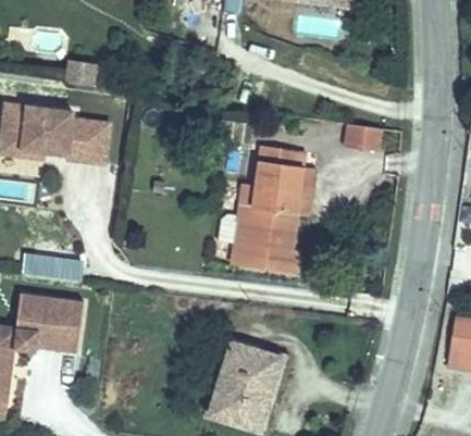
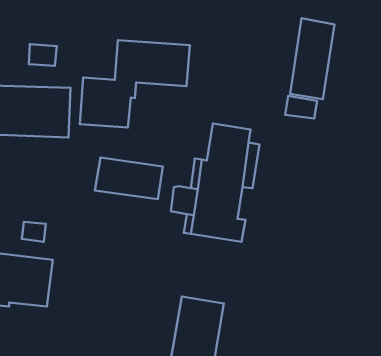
building: none -> [290,18,334,99]
building: none -> [80,40,190,127]
building: none -> [95,157,163,199]

